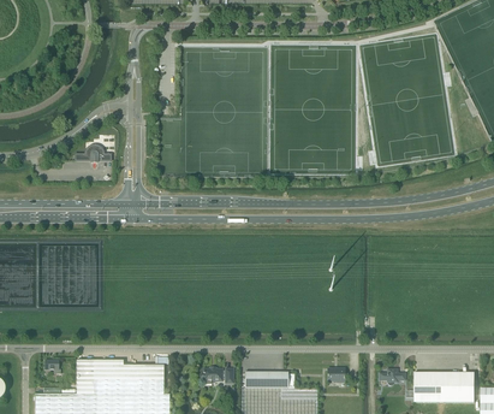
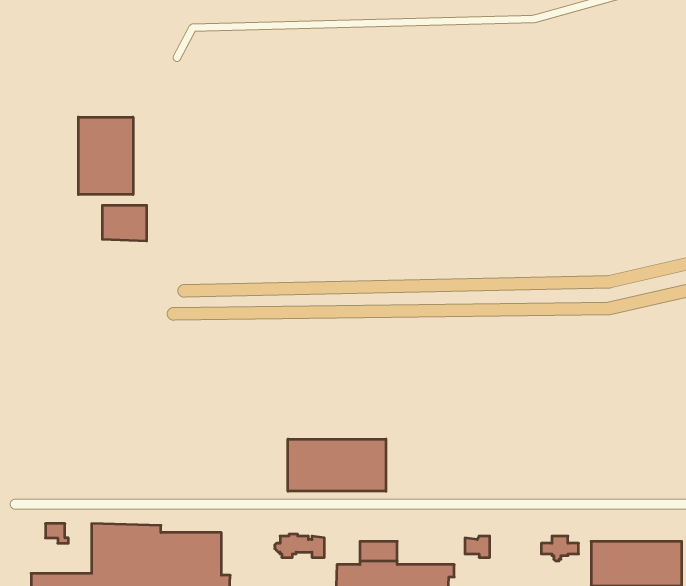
building: none -> [78,117,133,195]
building: none -> [288,439,386,491]

